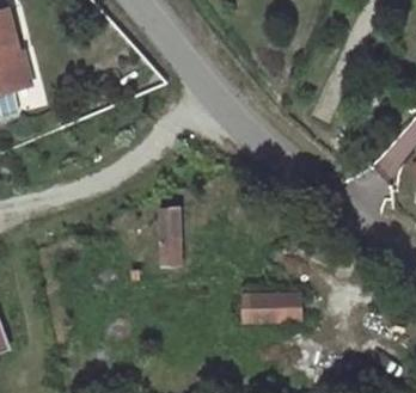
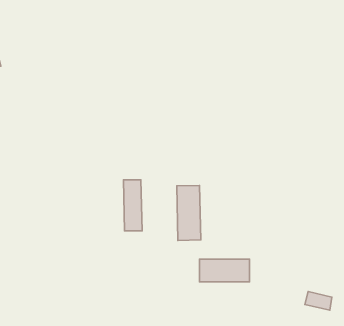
building: none -> [177,185,201,240]

